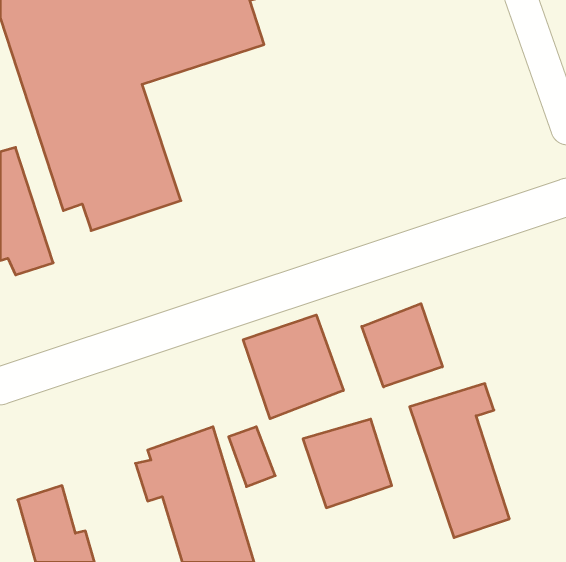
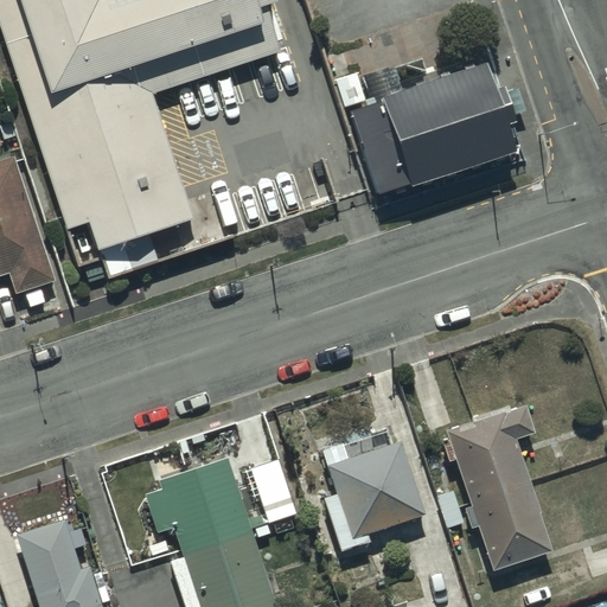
building: none -> [345,57,519,194]
building: [362,304,442,387] -> none
building: [243,315,343,419] -> none

